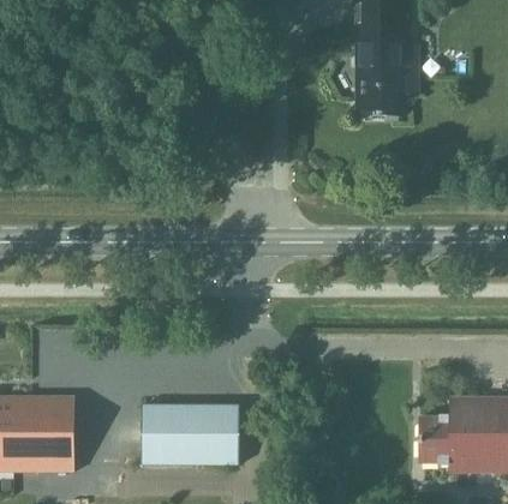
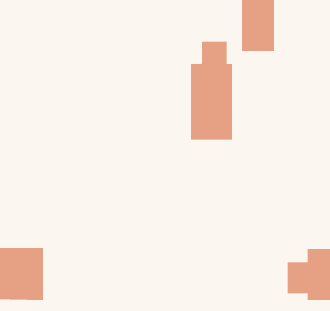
building: none -> [191,41,232,141]
building: [139,404,239,464] -> none

